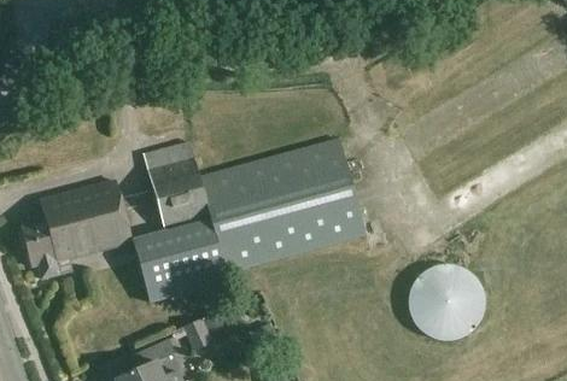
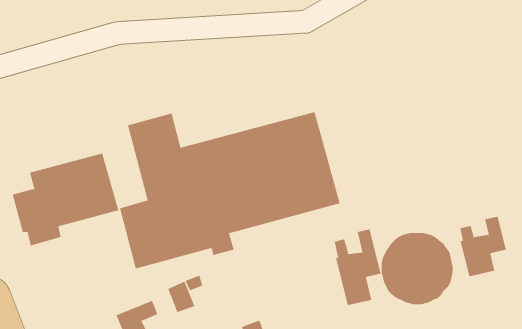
building: none -> [460,216,507,277]
building: none -> [334,229,381,306]

